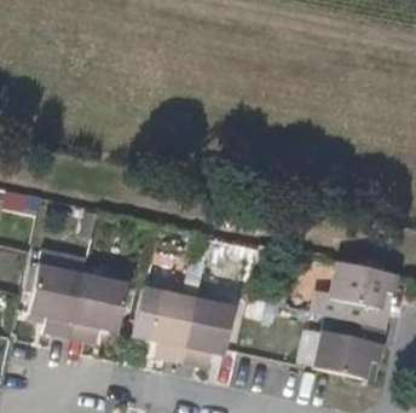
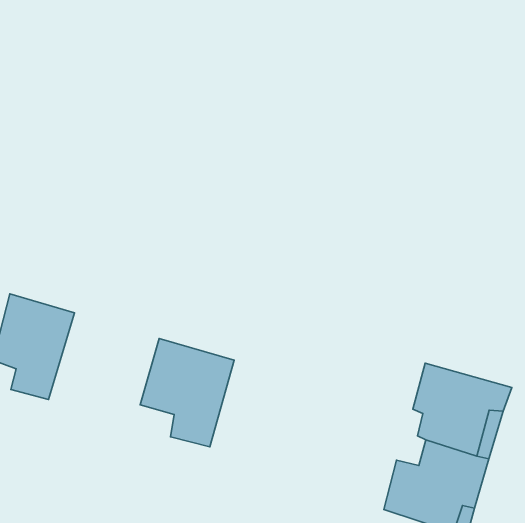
building: [75,257,132,325] -> none
building: [190,281,238,349] -> none

